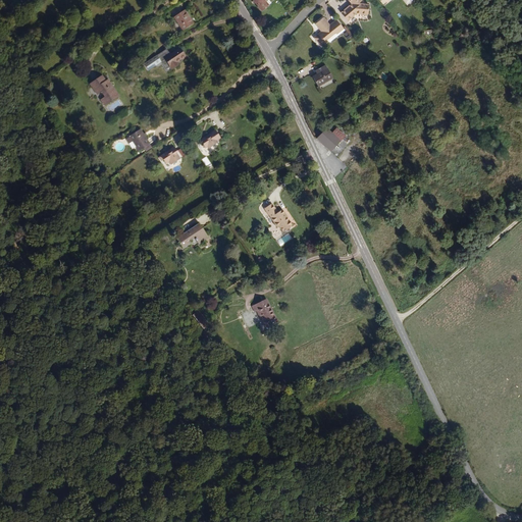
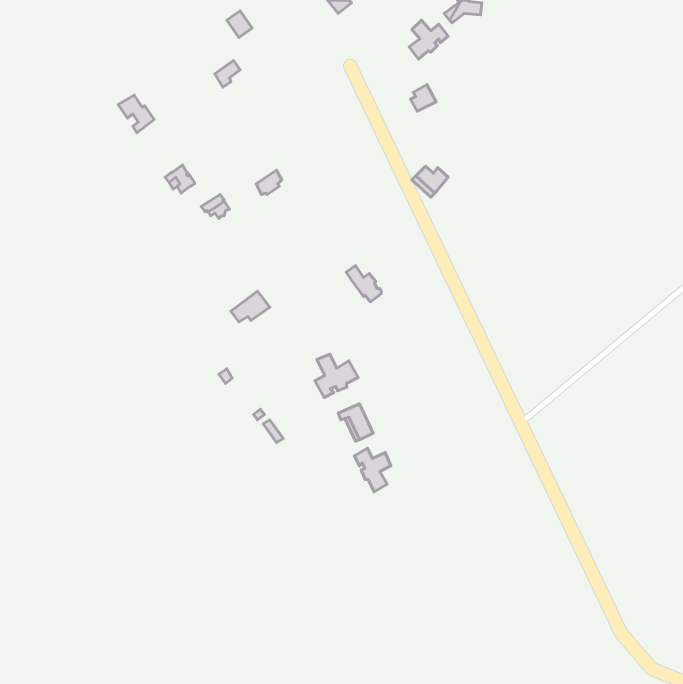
building: none -> [315,354,358,398]
building: none -> [354,448,391,492]

